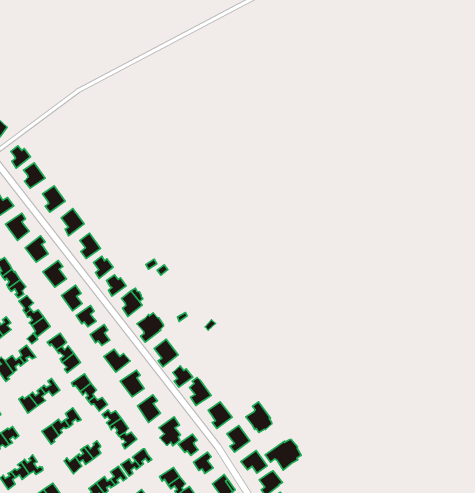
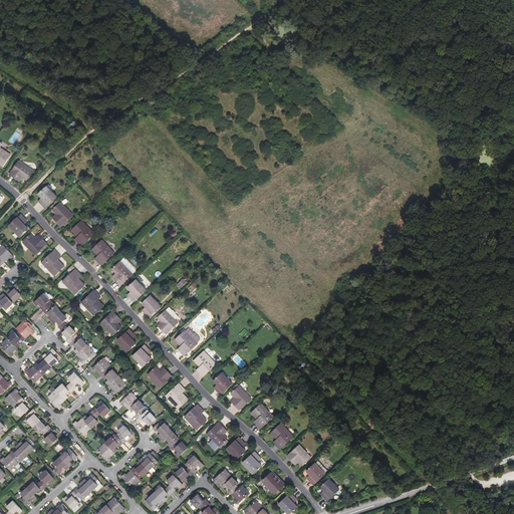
building: [246,402,272,432] -> none
building: [265,439,301,470] -> none

